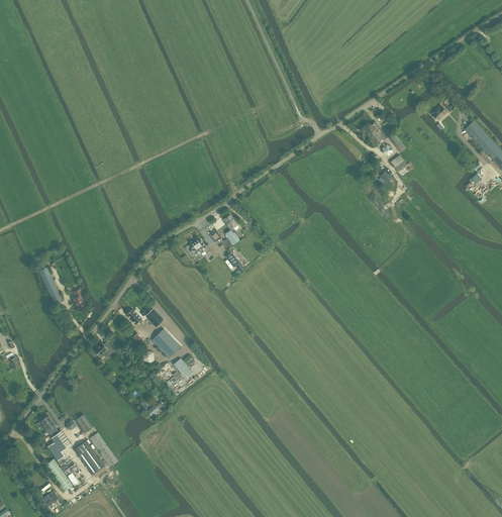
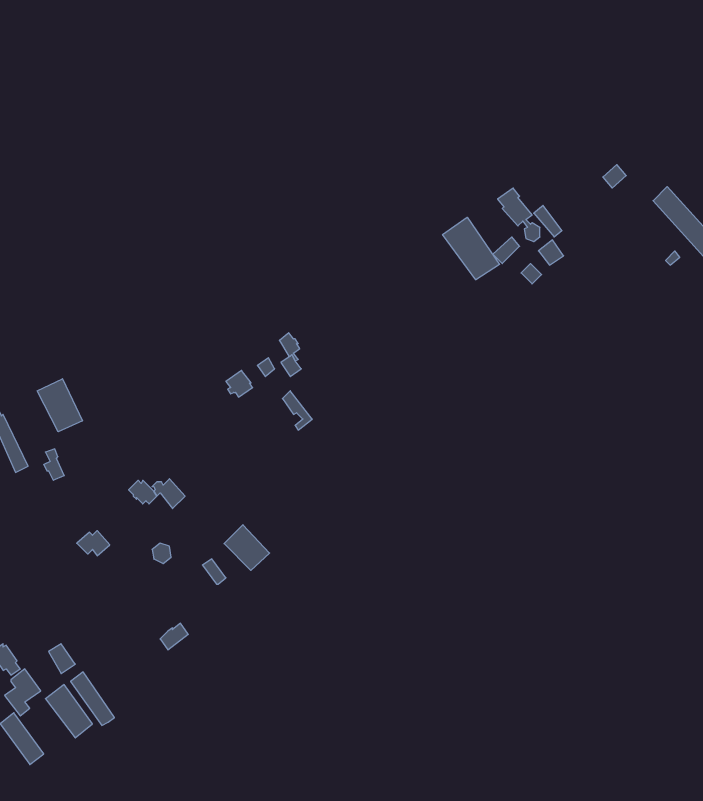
building: none -> [443,217,500,280]
building: none -> [37,379,82,432]
building: [150,328,180,357] -> [224,525,270,570]

